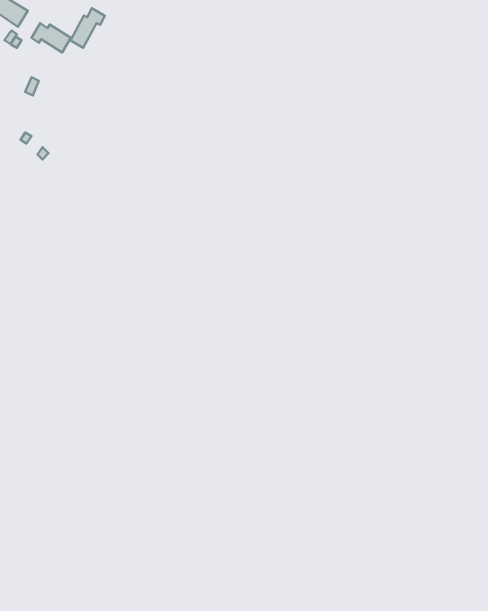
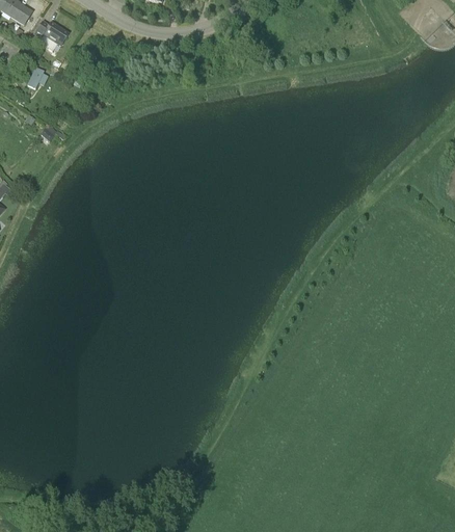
building: [70,8,105,48] -> none

